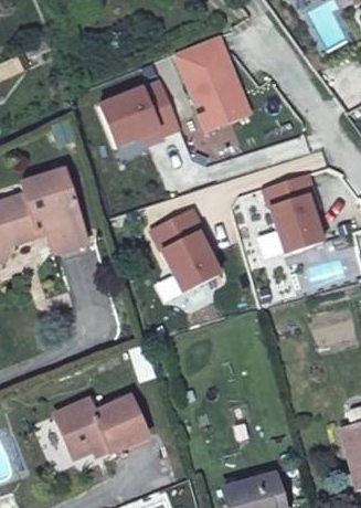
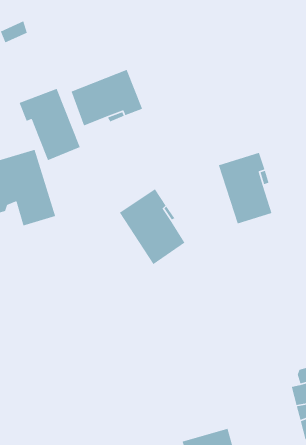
building: [174,35,251,131] -> none
building: none -> [19,88,81,161]
building: [53,396,147,457] -> none

